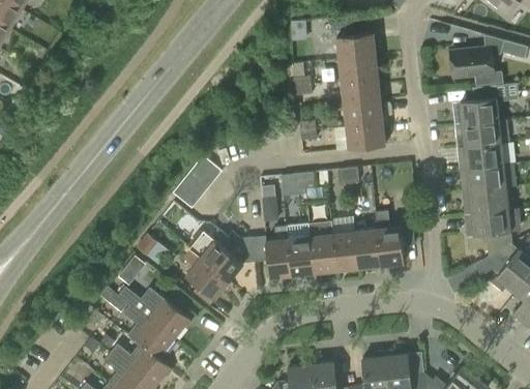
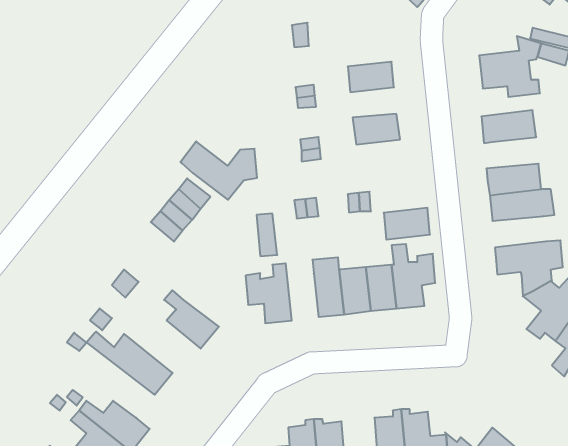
building: [329,23,376,60] -> none
building: [341,78,380,103] -> none
building: [454,120,501,147] -> none
building: [346,122,385,149] -> [384,208,430,240]
building: [462,187,507,214] -> none
building: [286,225,314,276] -> none
building: [188,232,254,281] -> [180,141,257,200]
building: [121,305,173,359] -> none

